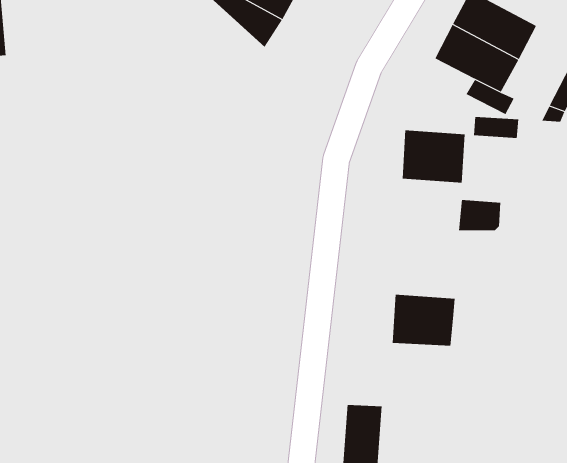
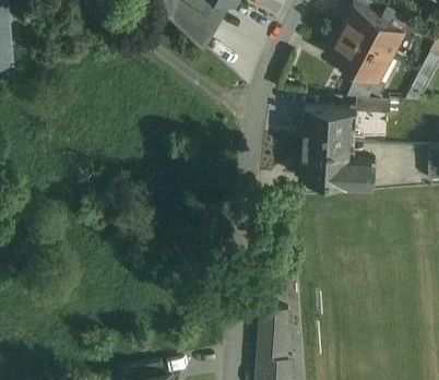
building: [392,294,456,346] -> [301,141,348,179]

